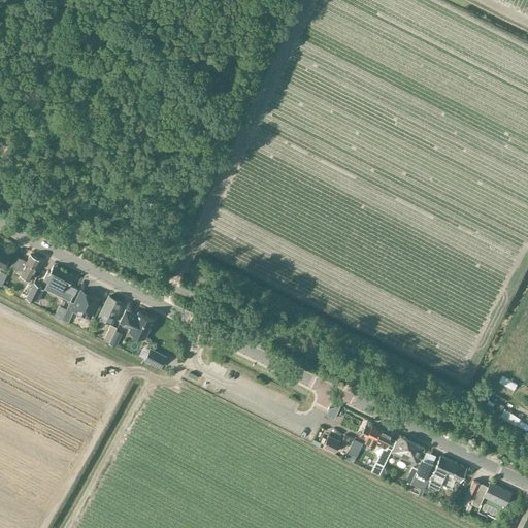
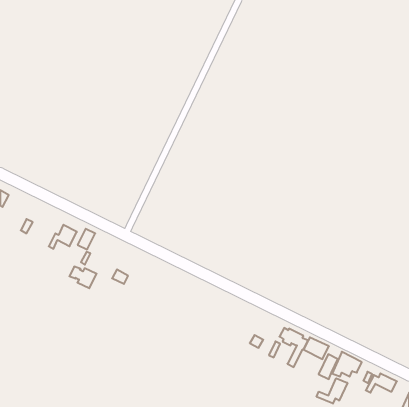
building: [11,256,40,282] -> none
building: [44,267,77,296] -> none
building: [119,311,154,339] -> [69,267,97,288]
building: none -> [317,378,347,404]

